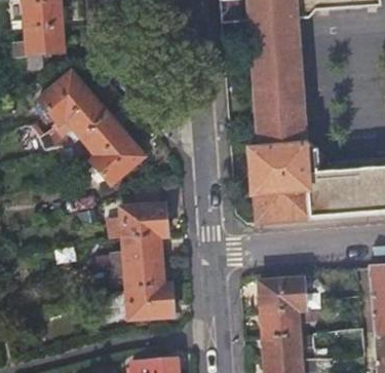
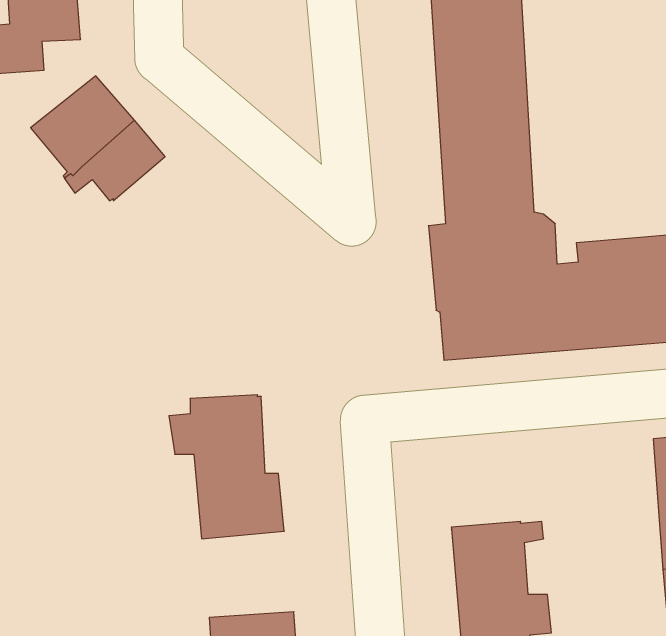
building: [78,114,144,185] -> none
building: [119,204,165,244] -> none
building: [259,277,309,312] -> none

